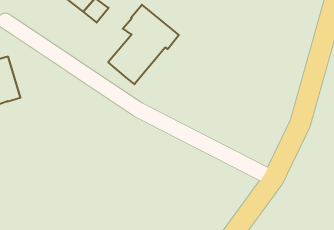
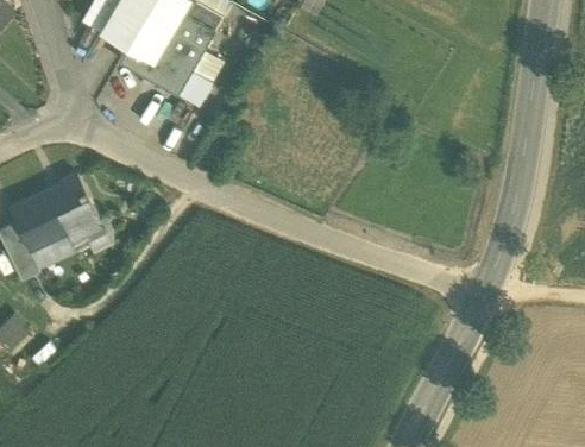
building: [108,5,179,84] -> none

